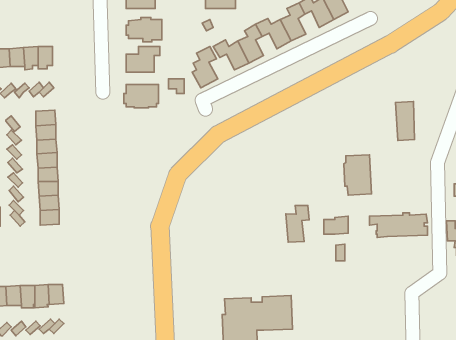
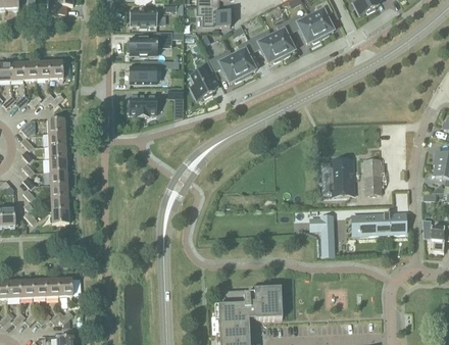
building: [396,102,414,141] -> [363,157,381,193]
building: [286,205,309,242] -> none

